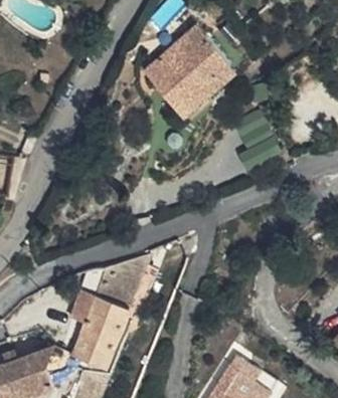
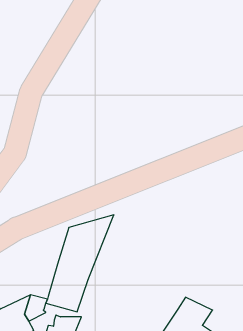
building: [136,29,220,114] -> none

